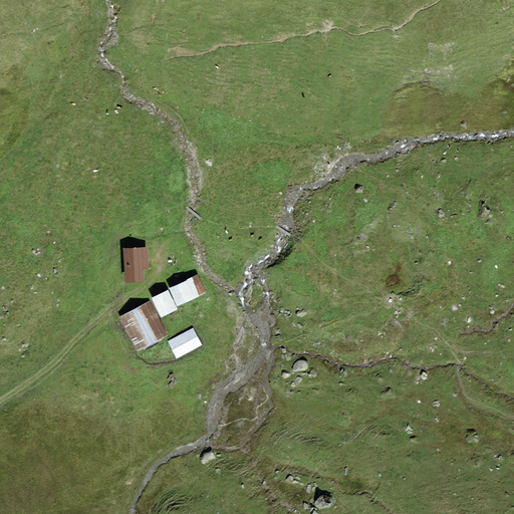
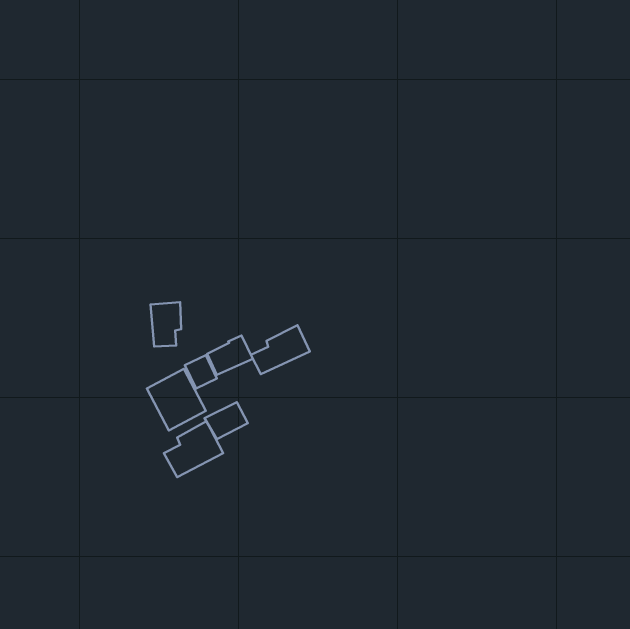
building: none -> [251,325,310,374]
building: none -> [164,421,223,477]

